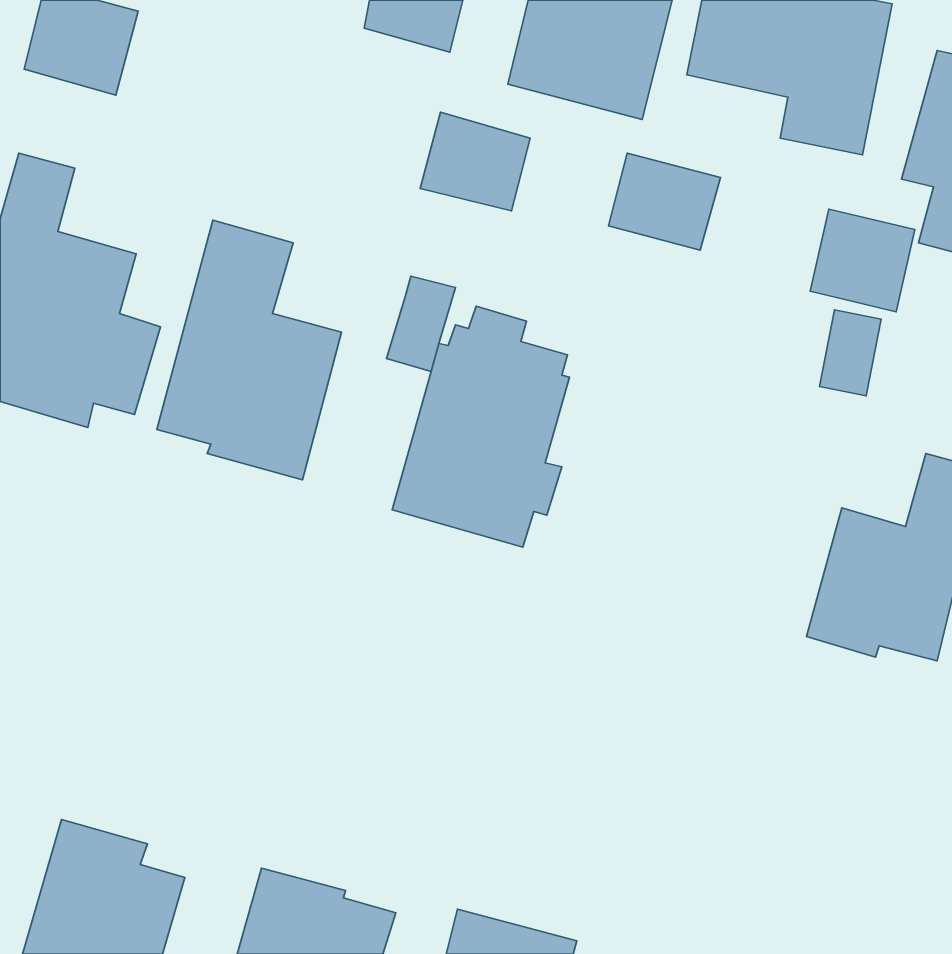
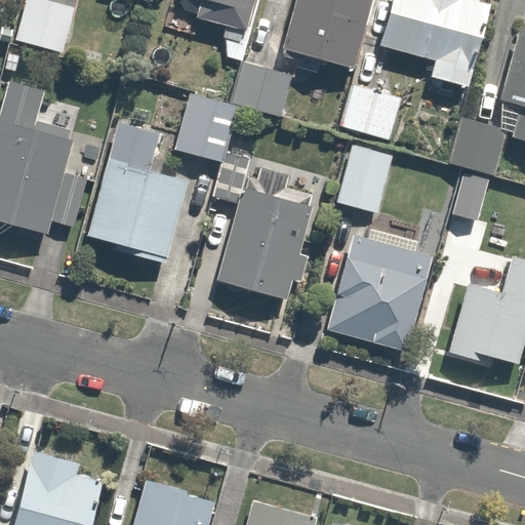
building: none -> [175,93,240,163]
building: none -> [334,146,393,209]
building: none -> [326,236,429,350]

